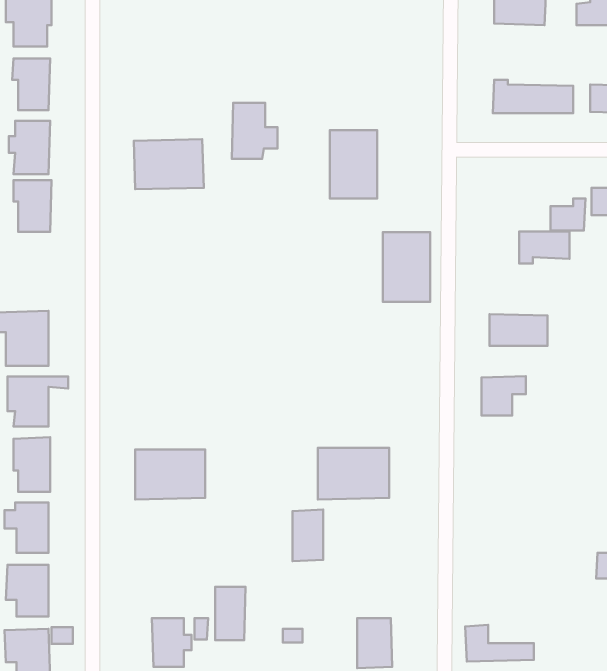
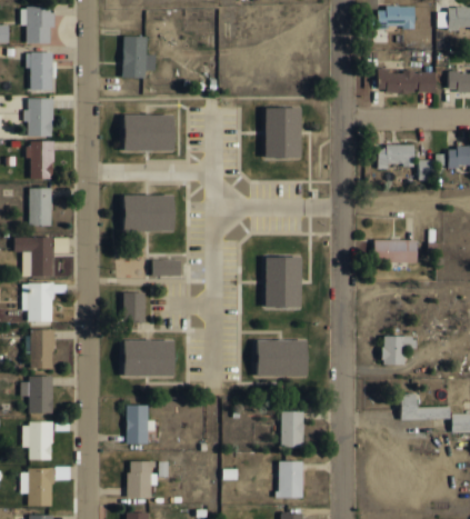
building: [232,103,277,159] -> [123,38,157,79]
building: [519,231,569,263] -> [379,147,416,170]
building: [383,232,430,302] -> [260,254,294,306]
building: none -> [30,189,52,227]
building: none -> [116,193,168,230]
building: none -> [147,257,176,273]
building: [482,376,526,416] -> [384,337,417,366]
building: none -> [114,291,138,320]
building: [293,510,323,561] -> [282,412,304,450]
building: [215,587,246,640] -> [128,407,150,446]
building: [465,625,534,661] -> [402,395,452,421]

